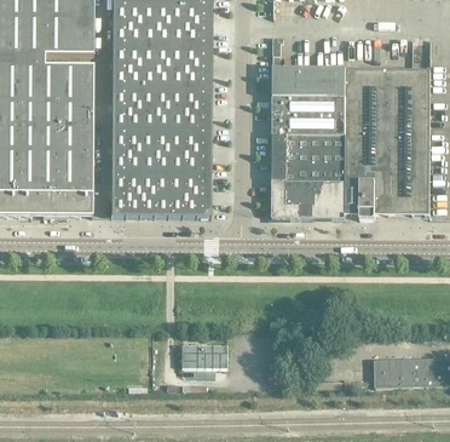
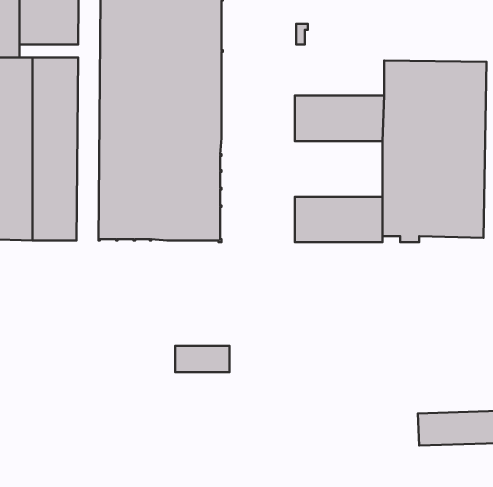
building: [272,65,346,96] -> none
building: [272,133,345,179] -> none
building: [181,344,226,366] -> [175,346,229,372]

